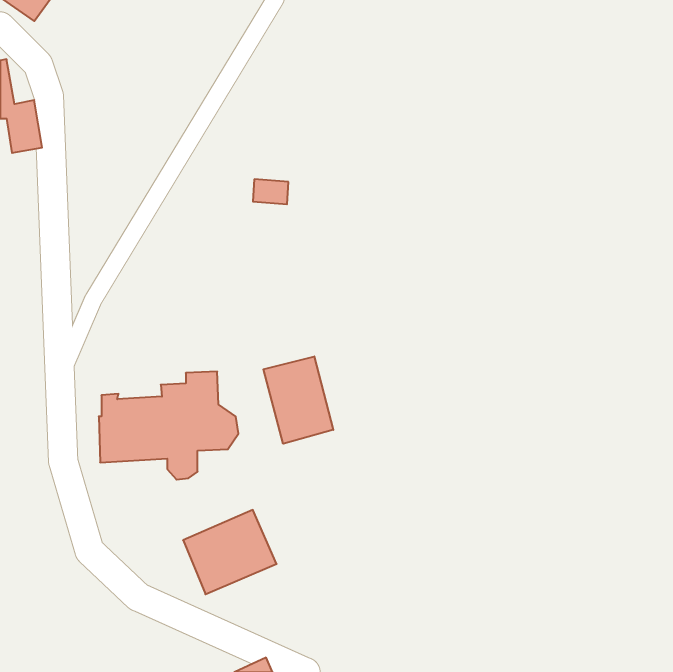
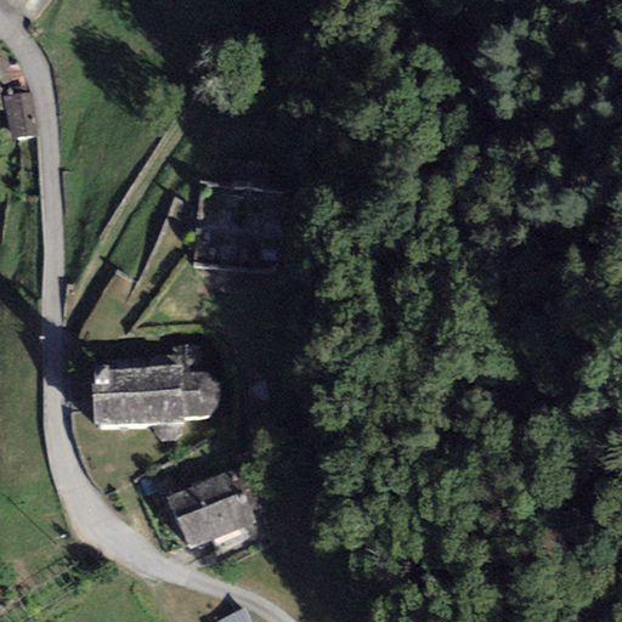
building: [263,356,333,444] -> none

